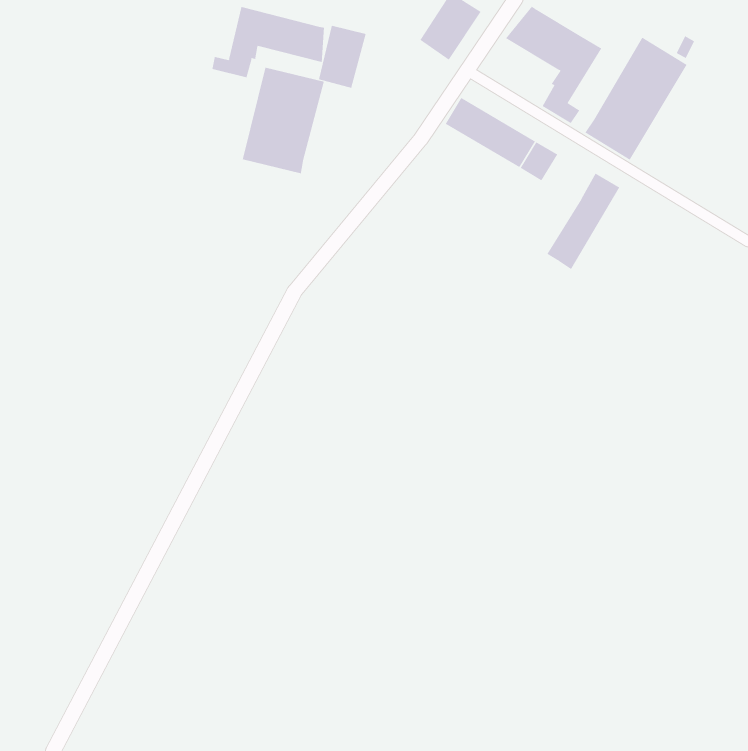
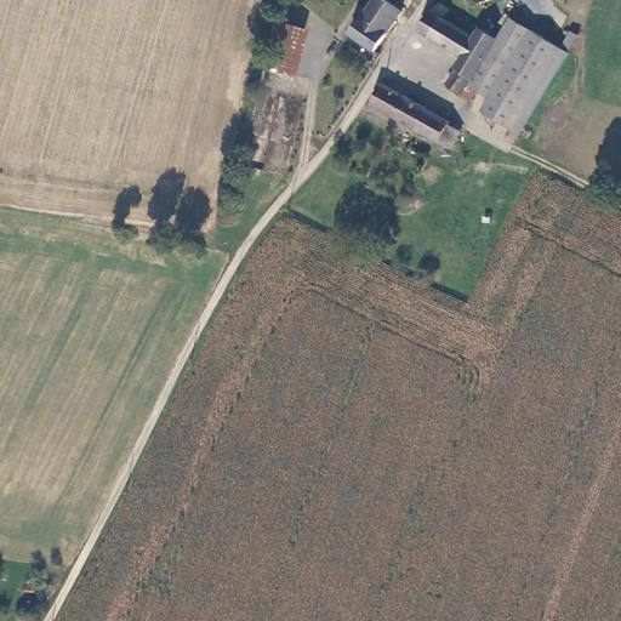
building: [212,6,325,78] -> none
building: [242,67,324,174] -> none
building: [547,173,620,270] -> [468,18,529,98]

